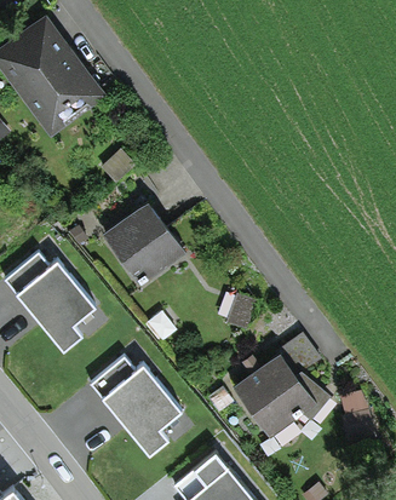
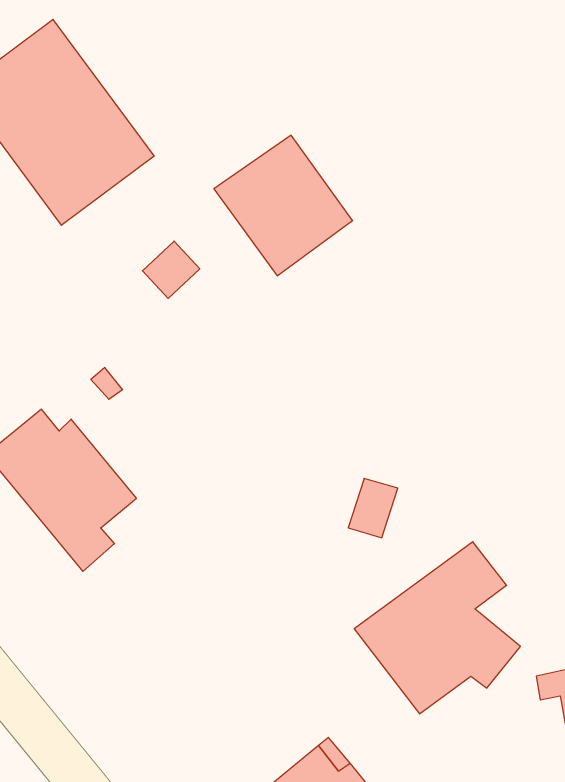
building: [102,200,186,286] -> [214,135,353,276]
building: [91,357,183,456] -> none

